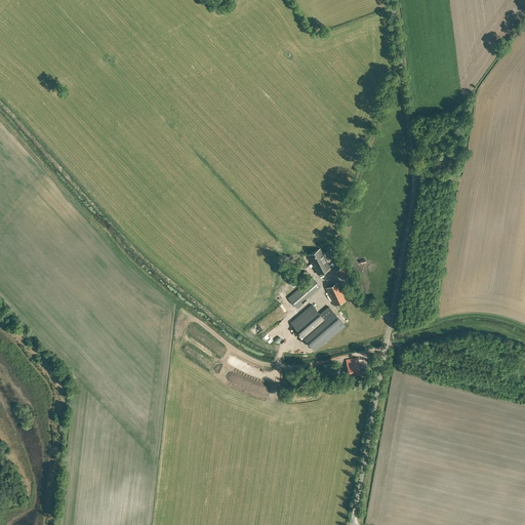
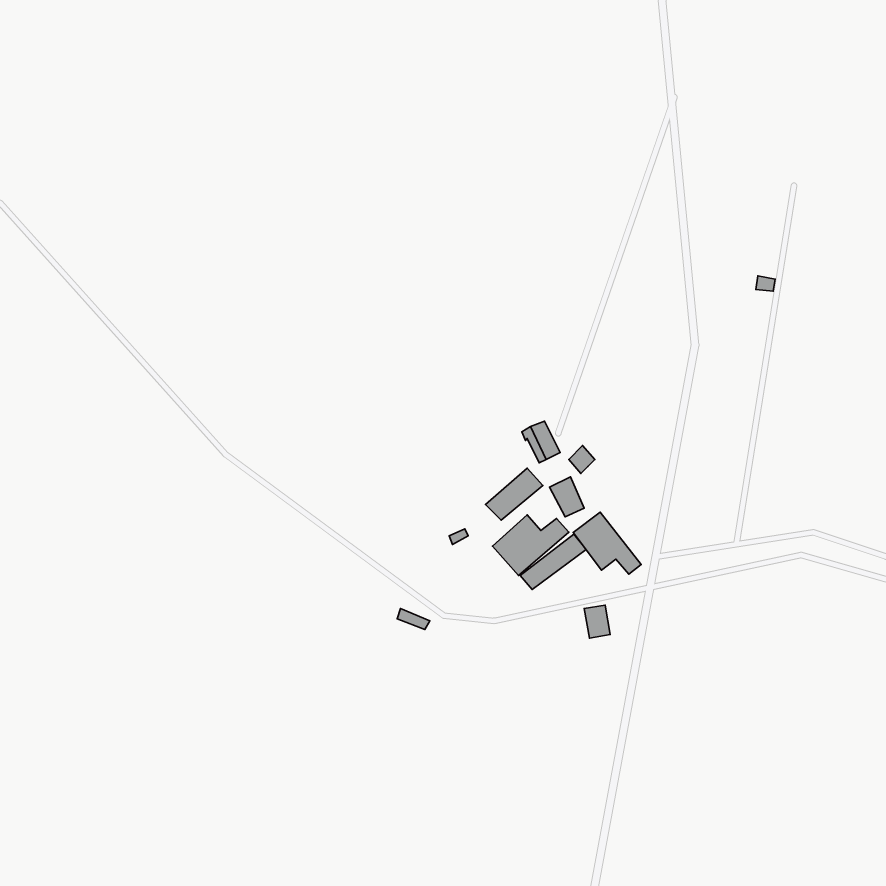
building: none -> [573,512,641,574]

